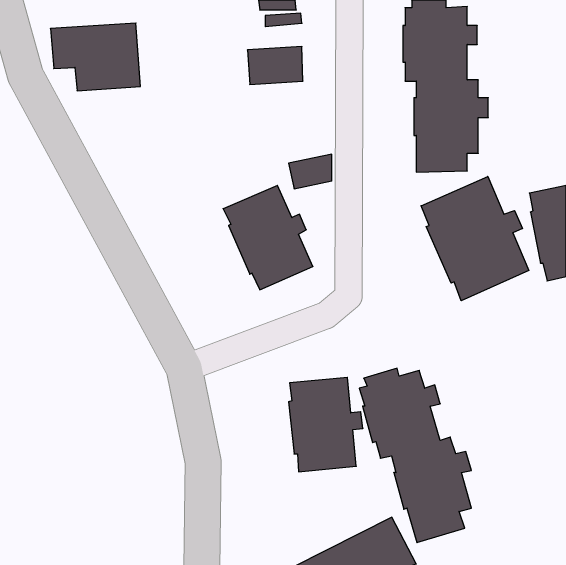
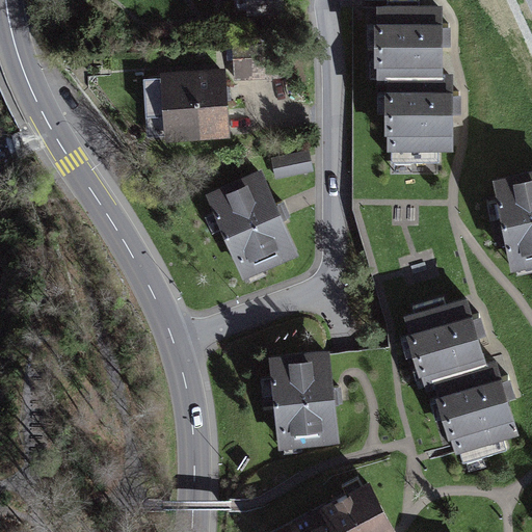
building: [50,23,140,91] -> [141,74,225,137]
building: [421,176,529,301] -> none
building: [359,368,471,543] -> [407,299,512,462]

